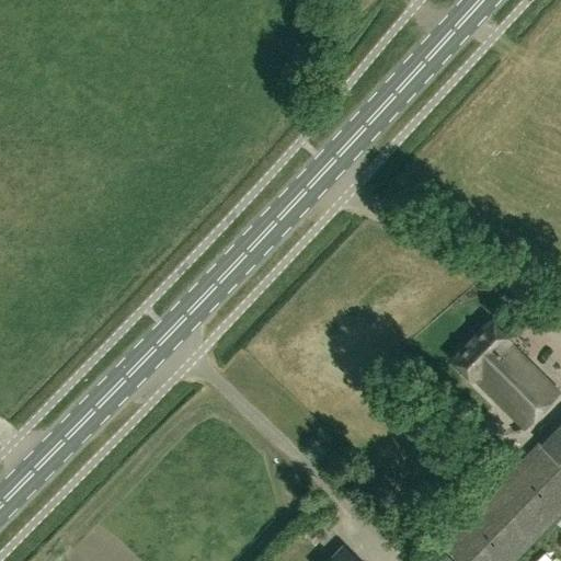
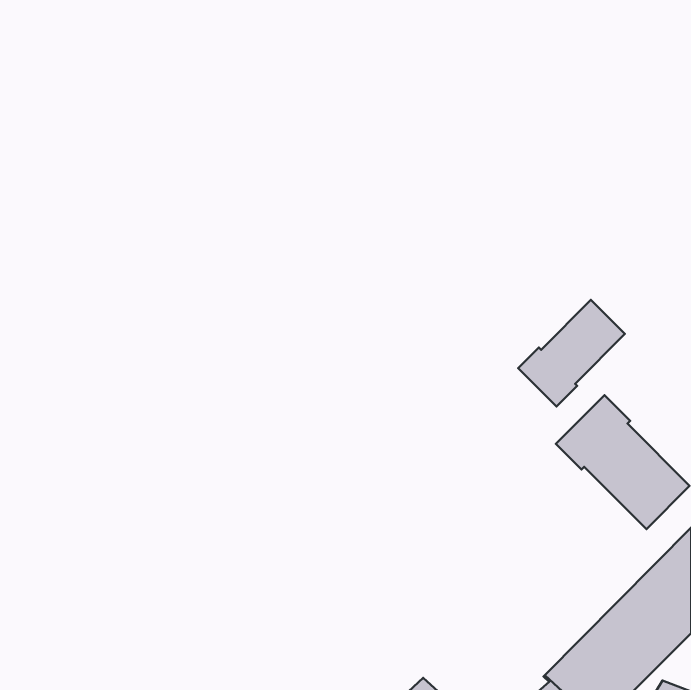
building: none -> [518,300,625,407]

